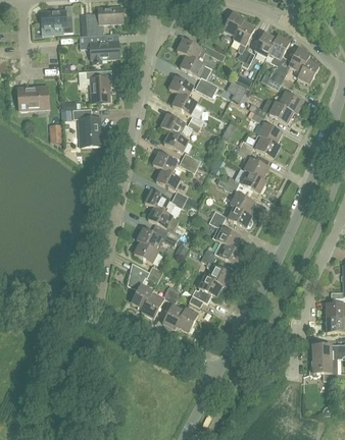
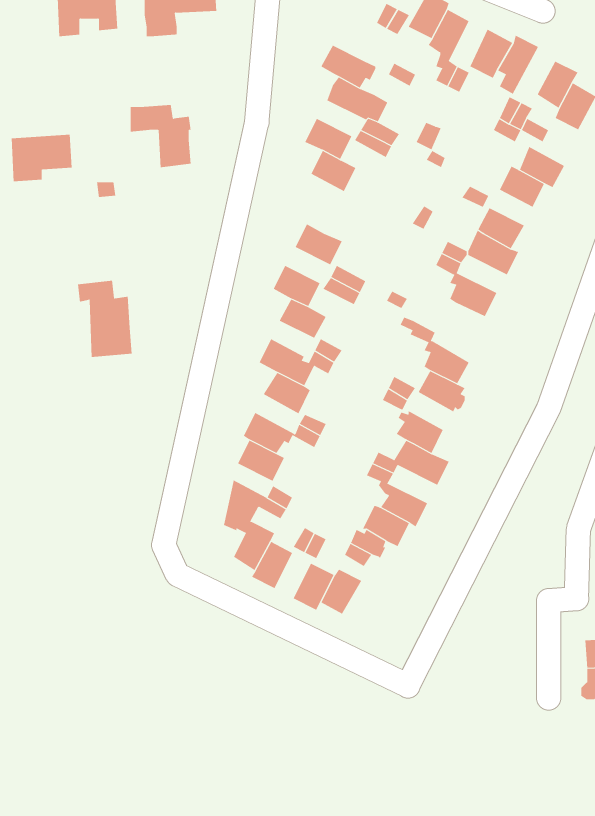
building: [79,34,119,63] -> none
building: [72,107,101,147] -> [77,280,133,358]
building: [160,114,199,135] -> none
building: [225,171,264,192] -> none

